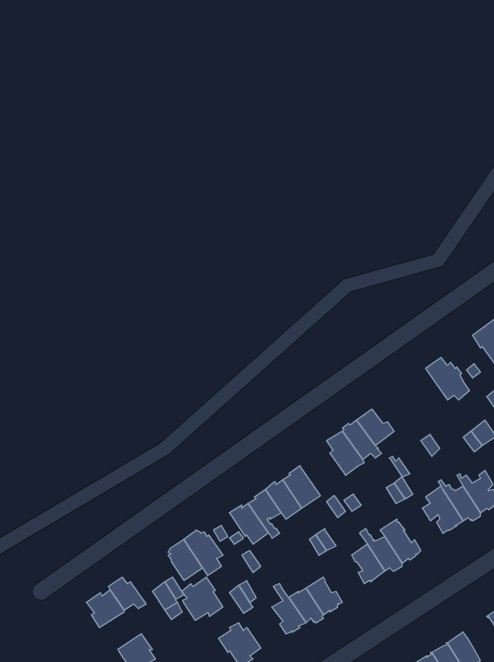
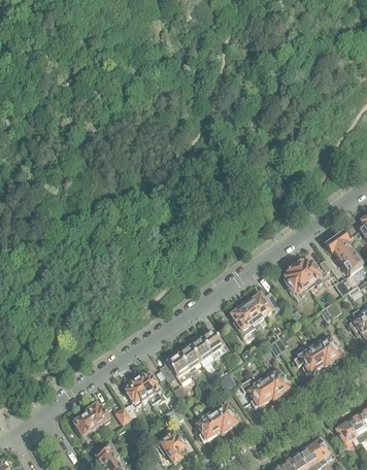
building: none -> [283,266,309,301]
building: [182,577,223,620] -> none

